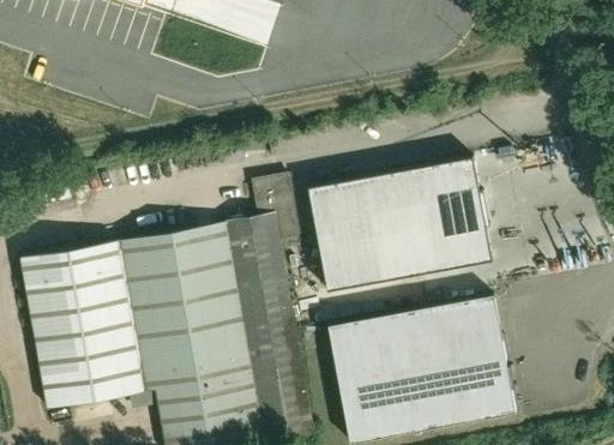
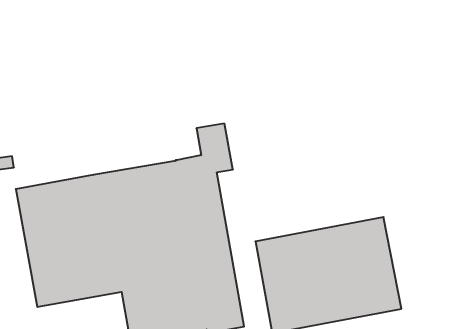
building: [307,157,490,291] -> none

